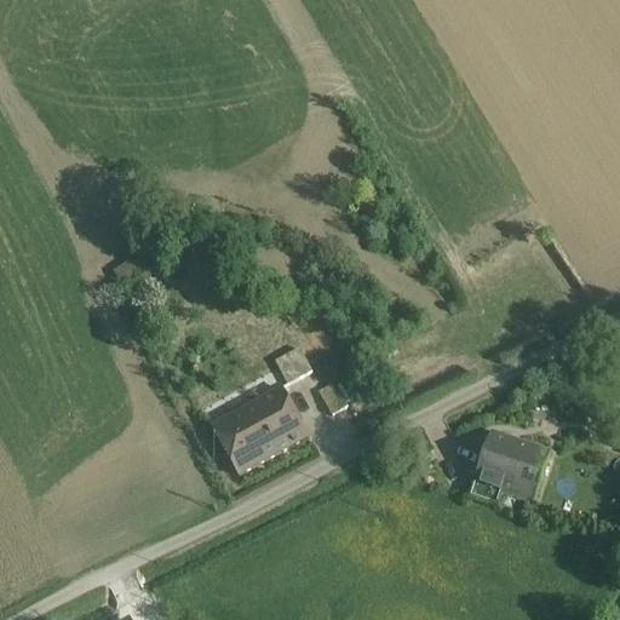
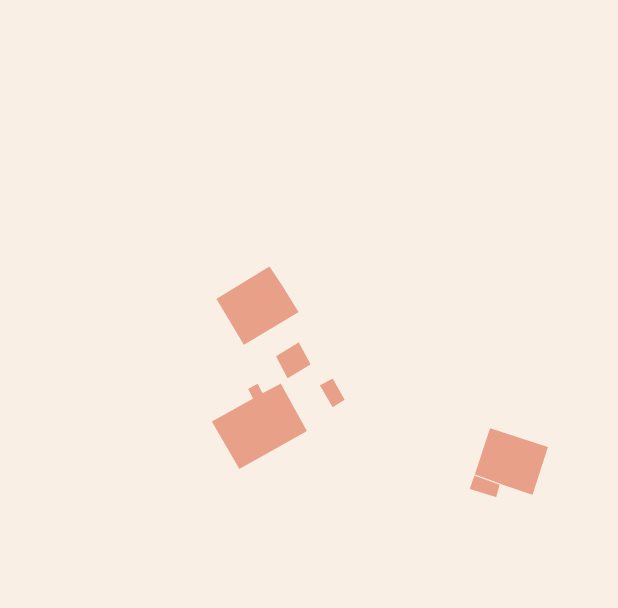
building: none -> [215,266,300,346]

